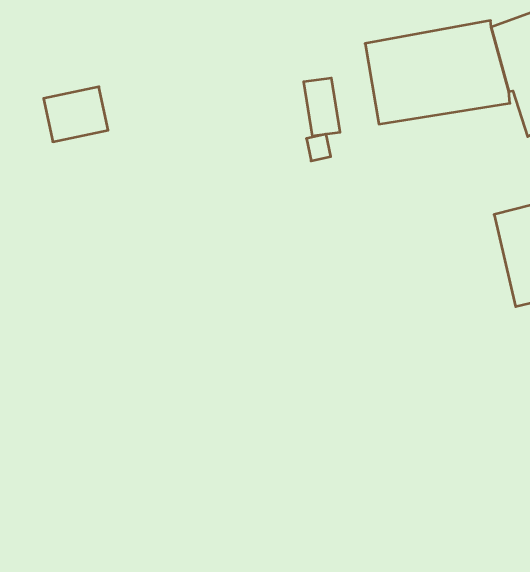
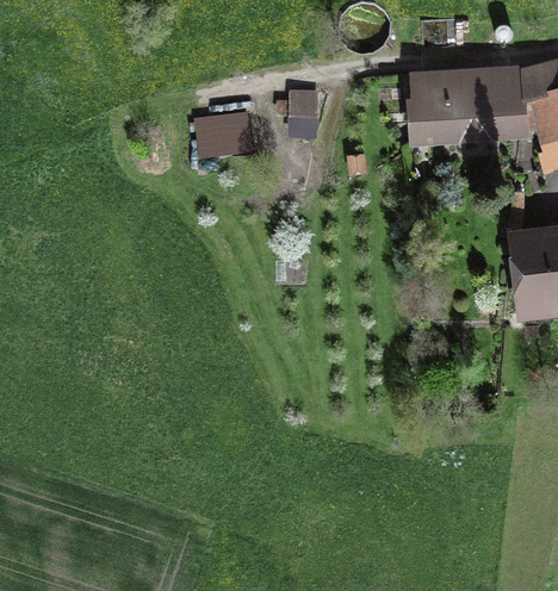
building: [304,78,340,136] -> [287,87,316,137]
building: [44,87,108,142] -> [196,111,250,156]

